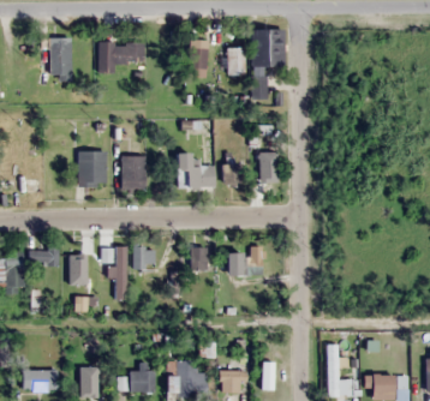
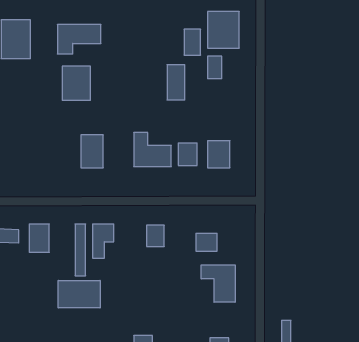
building: [189,42,207,78] -> [167,65,185,100]
building: [78,151,107,186] -> [62,66,90,100]
building: none -> [201,265,235,302]
building: none -> [58,280,100,308]

